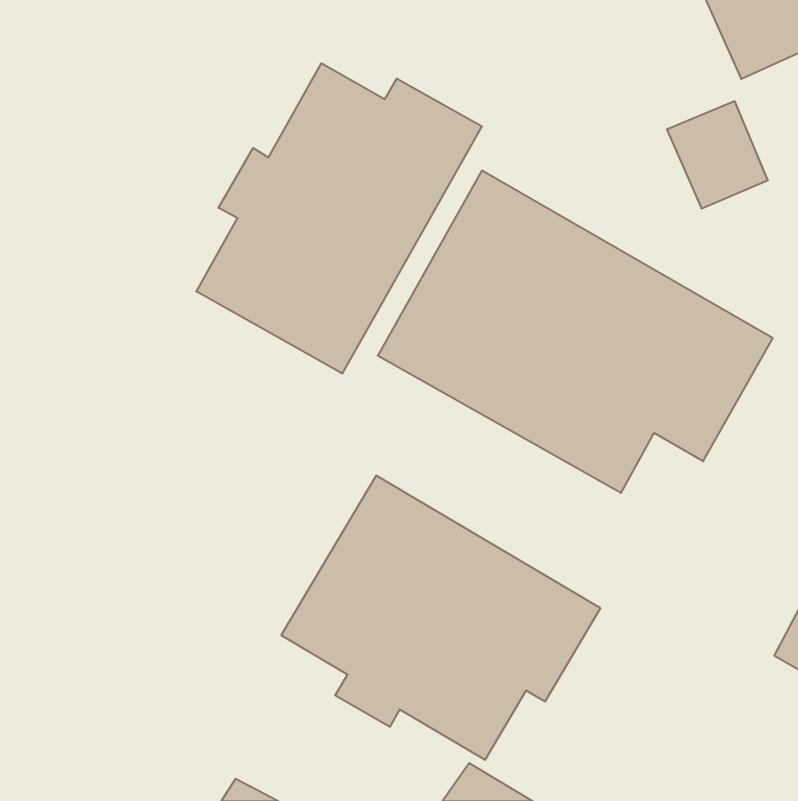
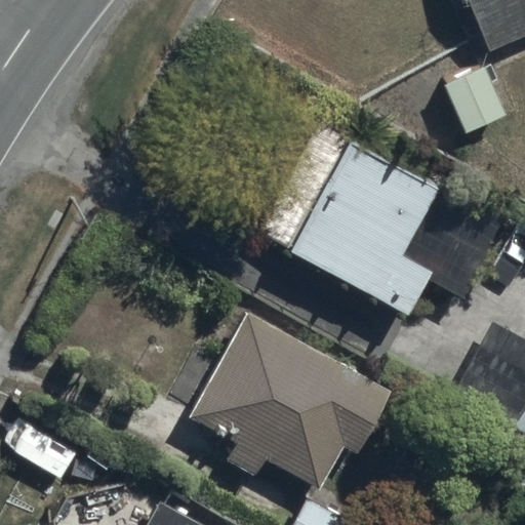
building: [196,63,482,374] -> none

